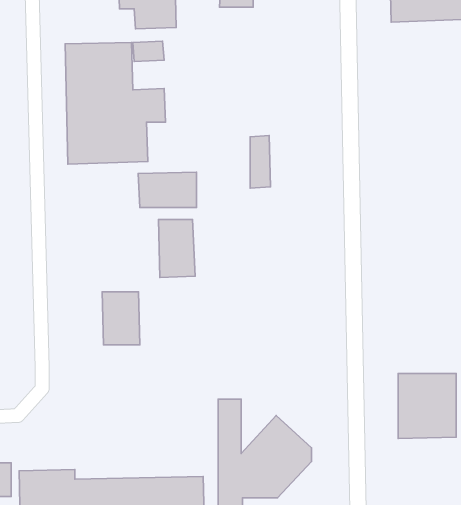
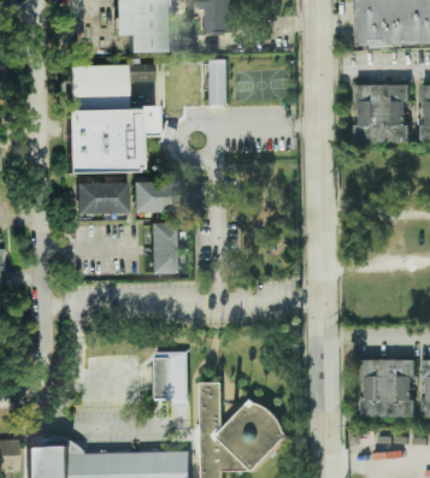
building: none -> [355,84,408,143]
building: [250,136,271,188] -> [210,59,228,106]
building: none -> [76,182,126,213]
building: [102,292,140,345] -> [155,353,189,400]

